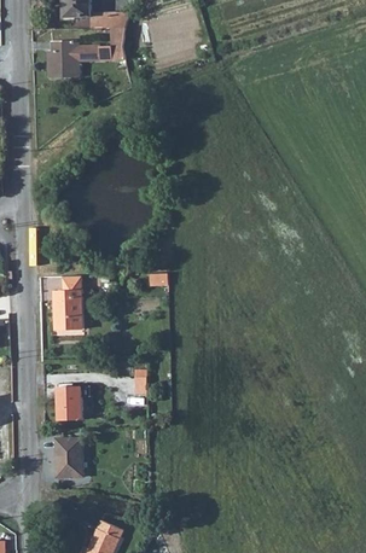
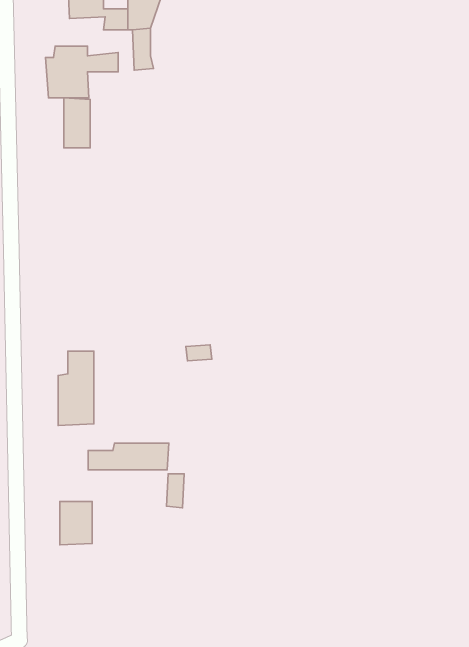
building: none -> [64,98,90,148]
building: none -> [88,443,169,470]
building: [57,438,82,476] -> none

